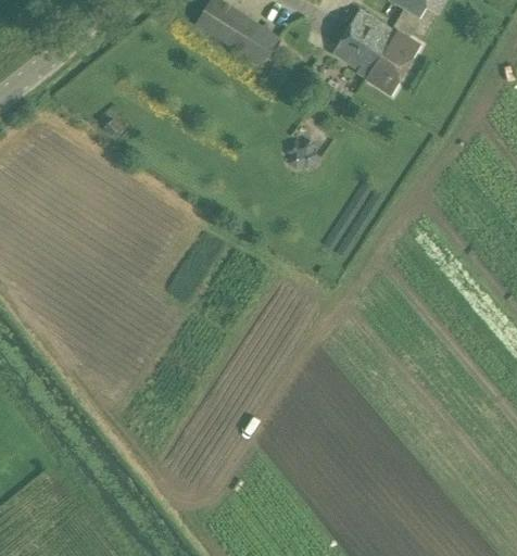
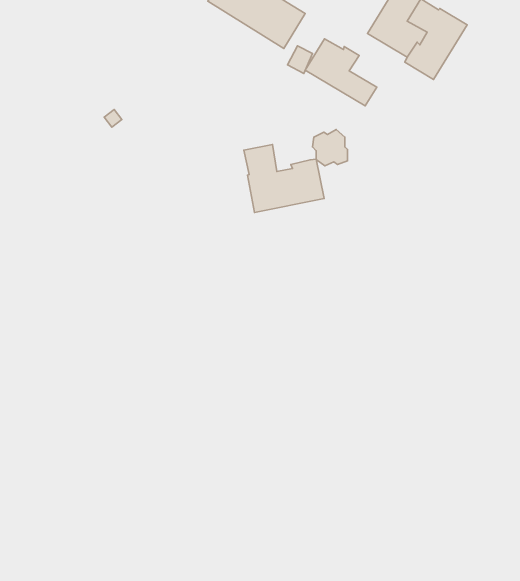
building: none -> [305,39,377,106]
building: none -> [244,145,324,213]

